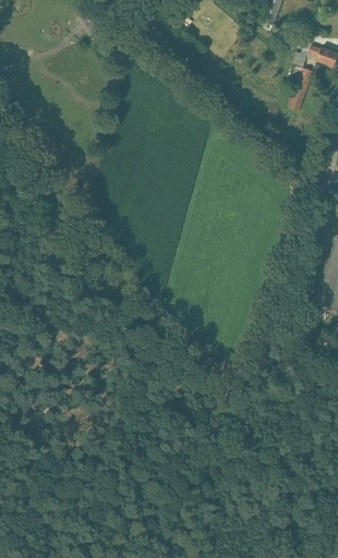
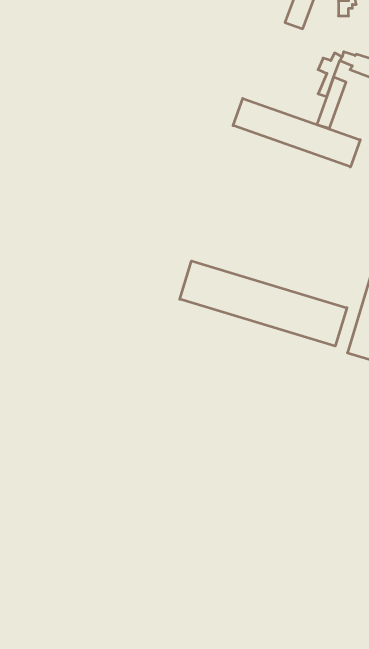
building: none -> [233,98,360,167]
building: none -> [180,261,347,346]

